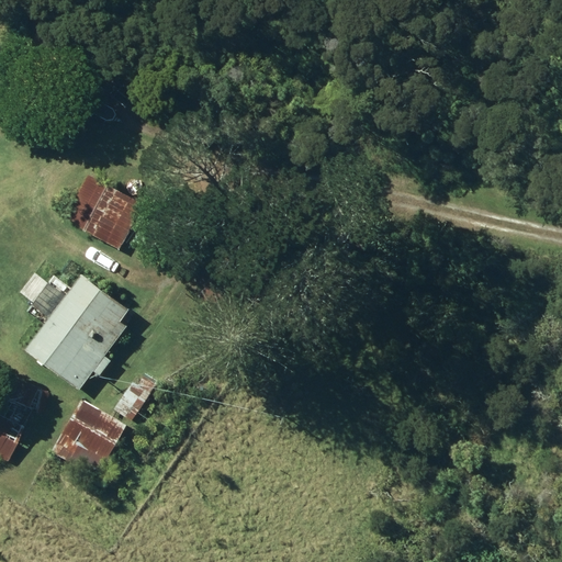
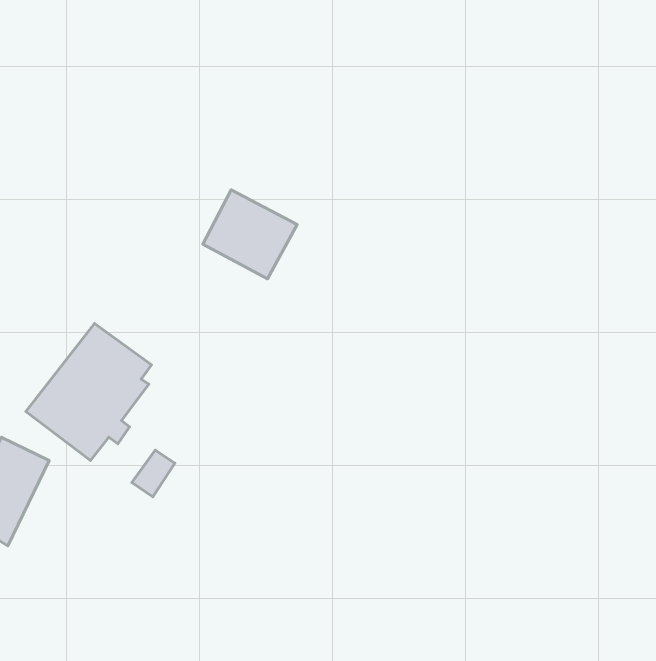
building: [63,175,143,250] -> [203,190,297,279]
building: [63,401,125,461] -> none

